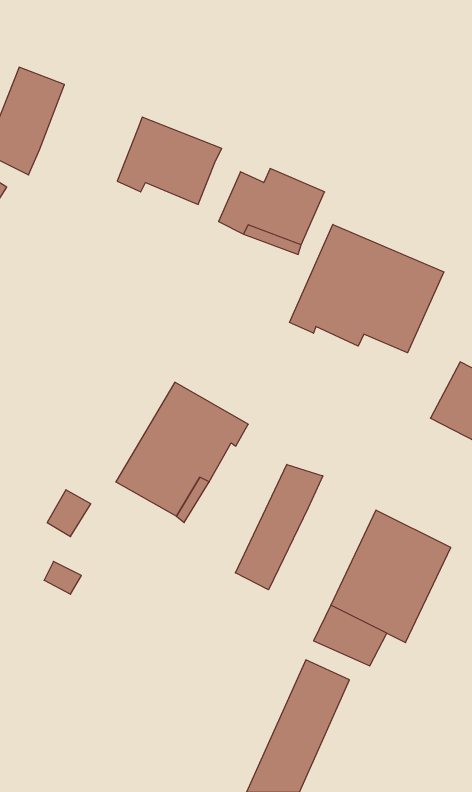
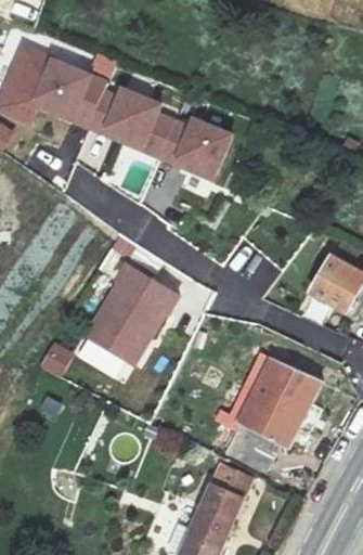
building: none -> [35,60,103,127]
building: none -> [105,113,174,155]
building: [290,224,444,353] -> none
building: [235,464,323,590] -> none

